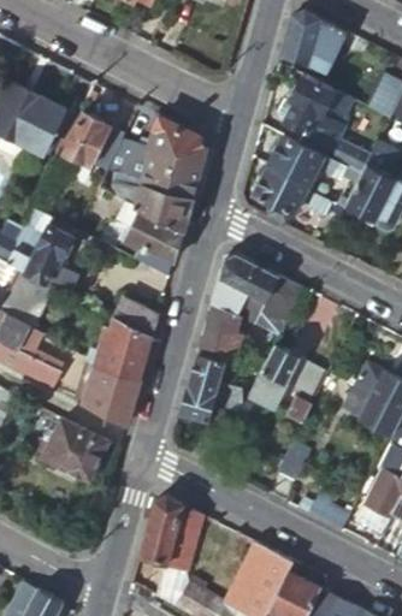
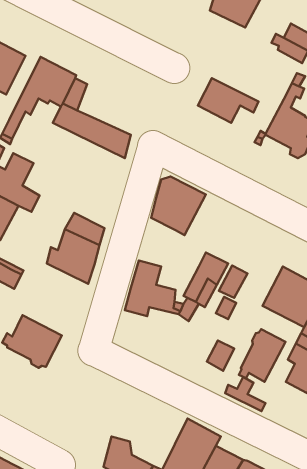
building: [273,75,374,174] -> none
building: [140,118,205,203] -> none
building: [255,168,335,226] -> none
building: [116,202,182,278] -> none
building: [253,274,306,360] -> none
building: [199,302,243,362] -> none
building: [79,356,138,425] -> none
building: none -> [239,329,286,382]
building: [141,497,206,569] -> none

